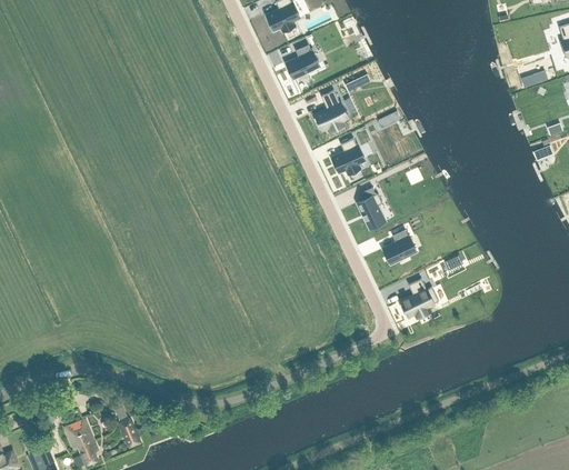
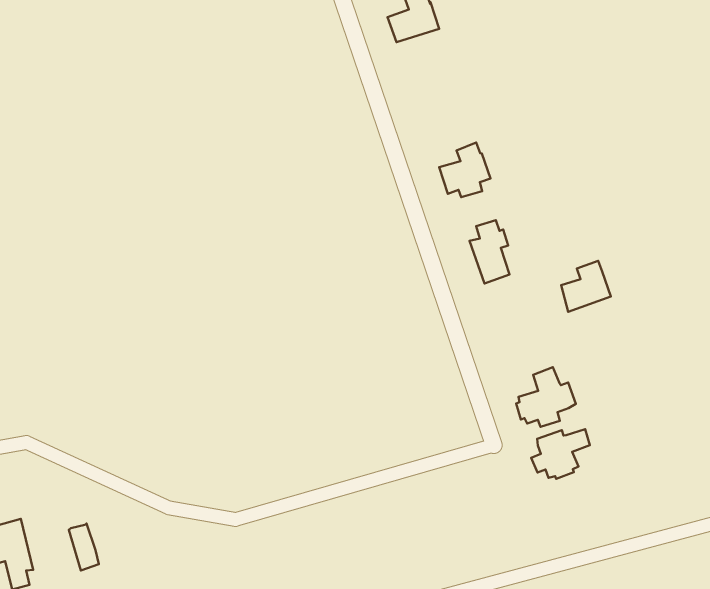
building: [315,90,349,131] -> none
building: [383,229,417,264] -> [561,261,611,312]
building: none -> [531,429,590,479]

